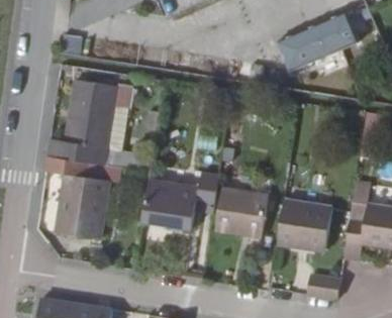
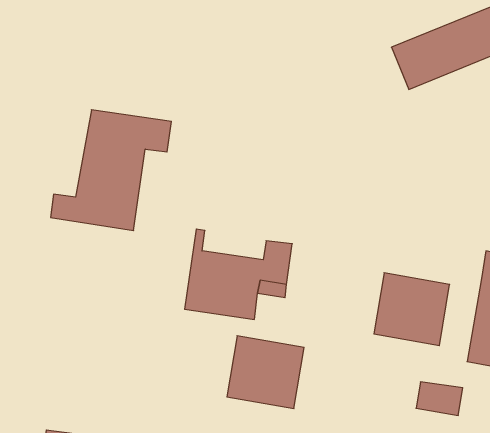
building: [44,154,119,237] -> none
building: [212,182,266,232] -> [227,336,304,409]

